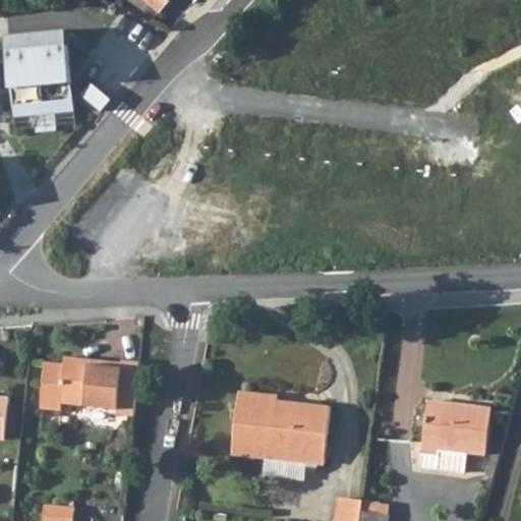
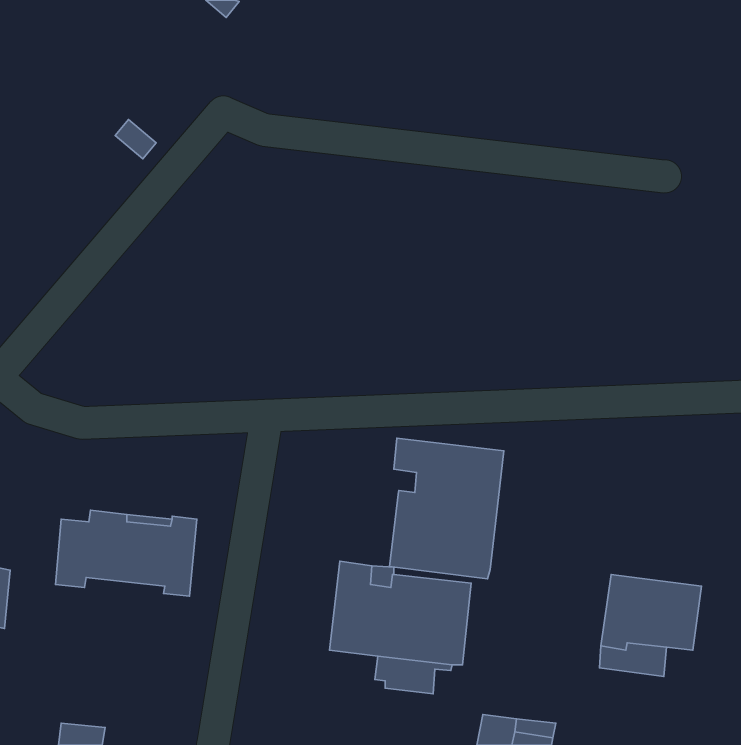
building: [4,31,72,132] -> none
building: none -> [389,438,504,579]

